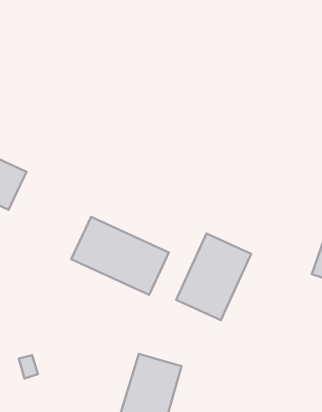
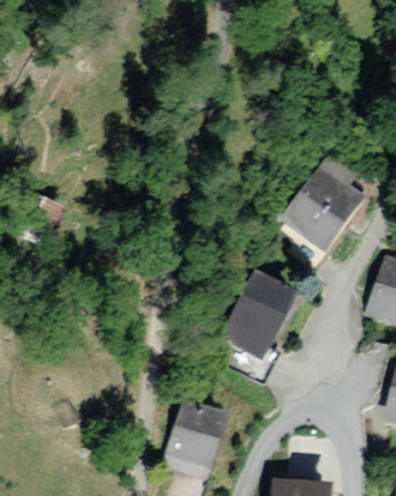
building: none -> [283,165,368,252]
building: [71,217,169,295] -> none

